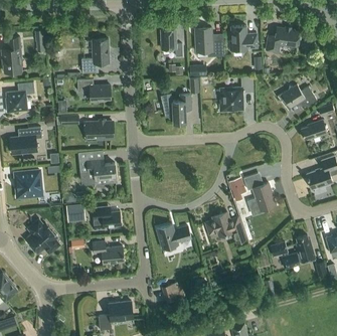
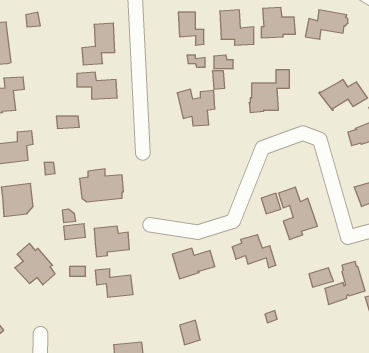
building: [87,121,112,139] -> none

